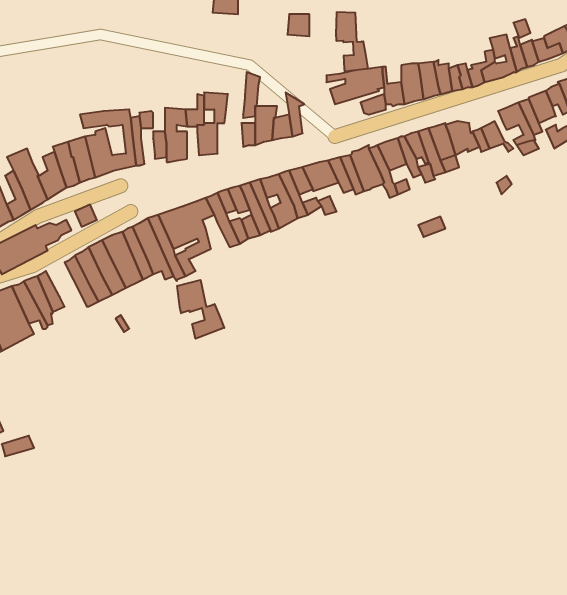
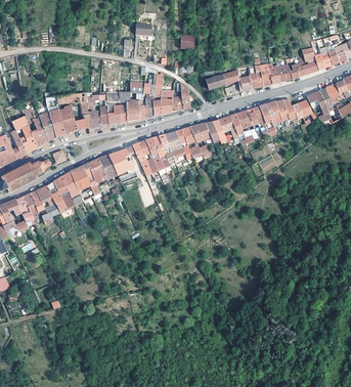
building: [336,12,368,72] -> none
building: none -> [36,184,60,220]
building: [177,280,224,339] -> none

